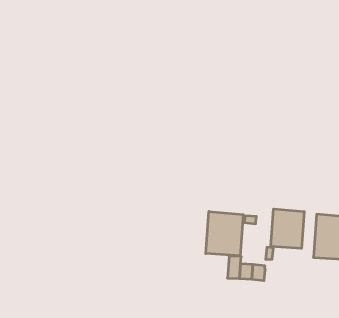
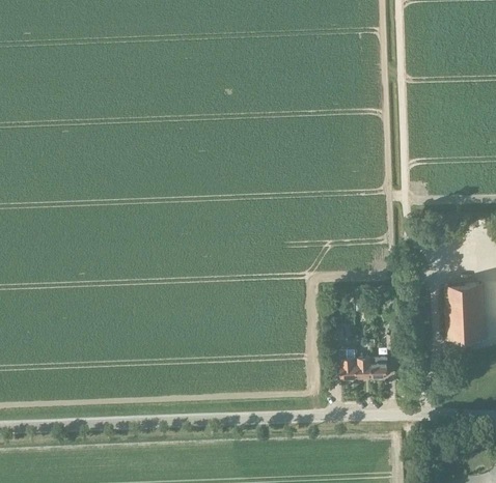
building: [271,209,304,248] -> none
building: [206,211,243,256] -> none

